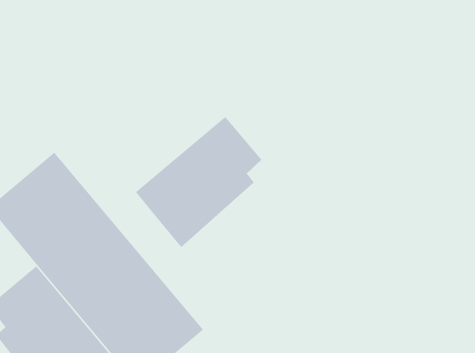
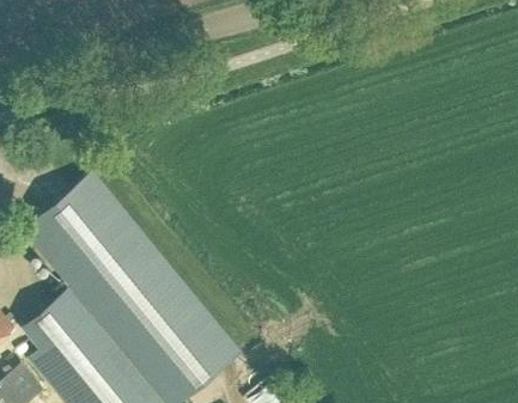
building: [135,116,262,248] -> none

